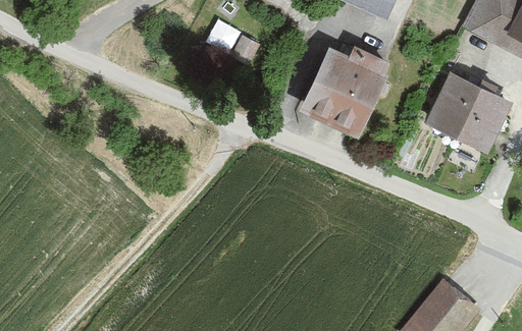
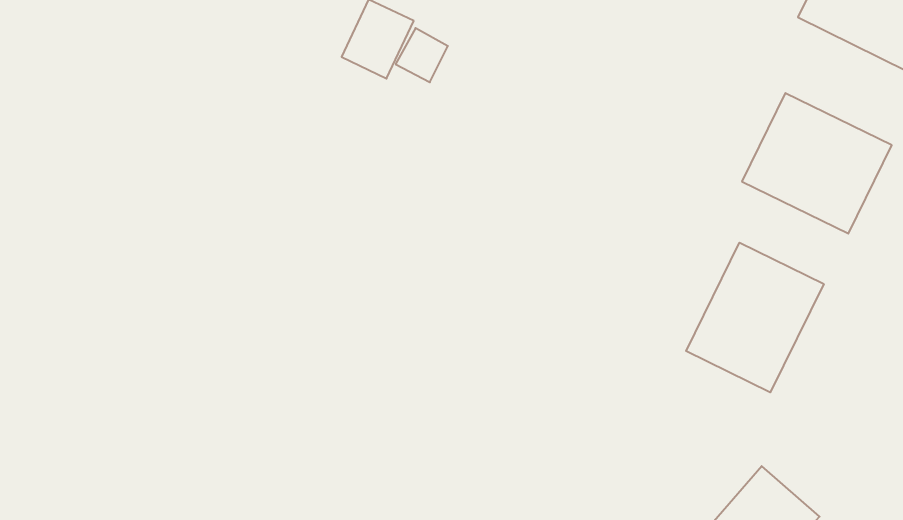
building: [303,44,390,133] -> none
building: none -> [686,243,824,392]

